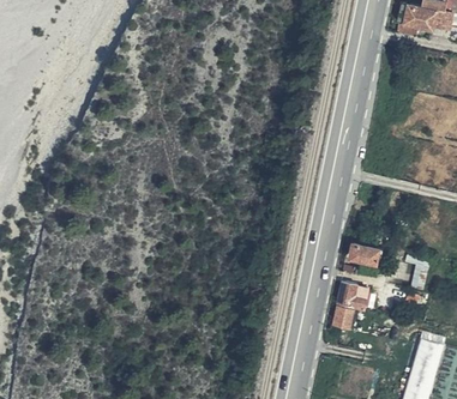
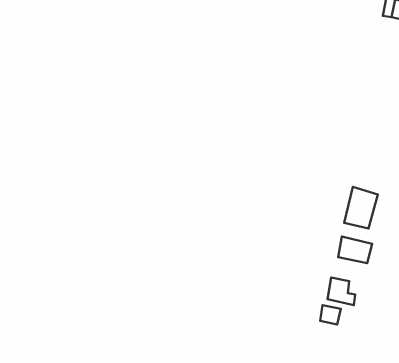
building: none -> [344,187,378,229]

